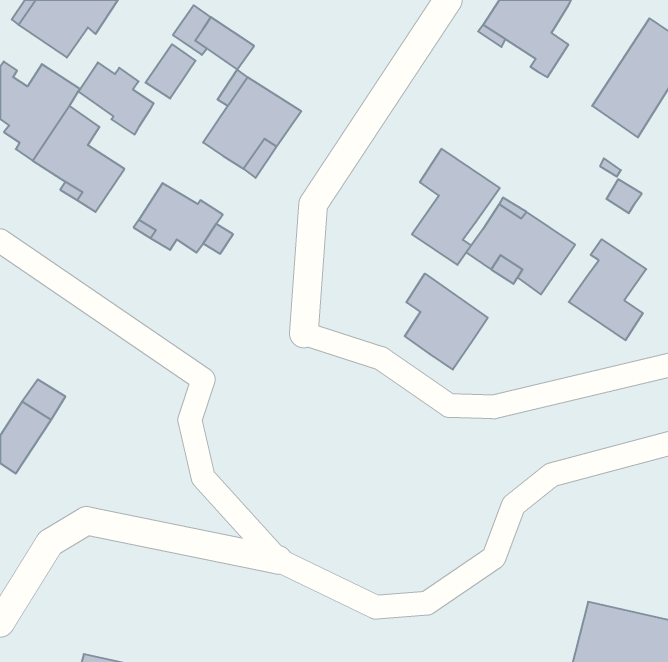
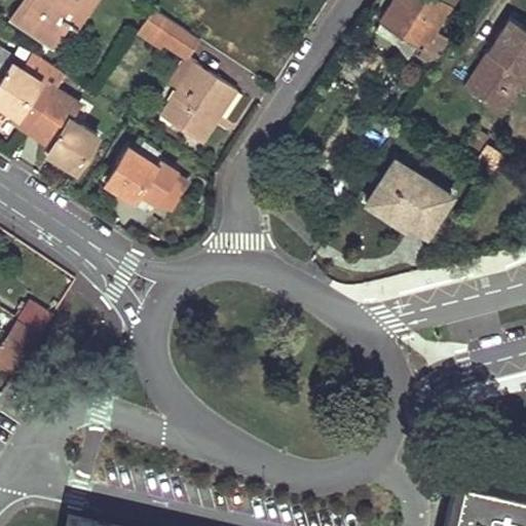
building: [145,44,196,99] -> none
building: [78,62,154,135] -> none
building: [412,149,500,265] -> none
building: [569,239,646,340] -> none
building: [405,274,488,370] -> none

